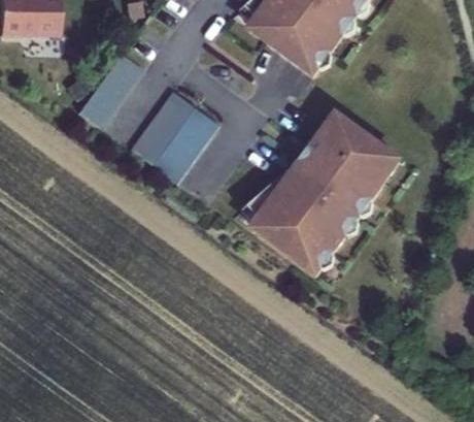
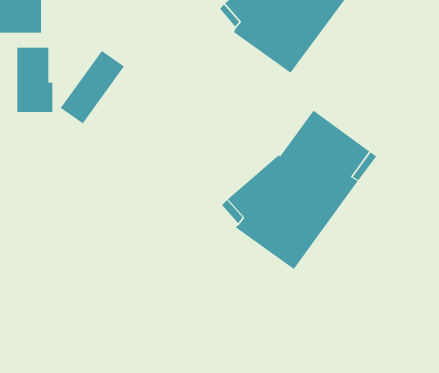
building: none -> [17,47,53,113]
building: [132,90,221,182] -> none

